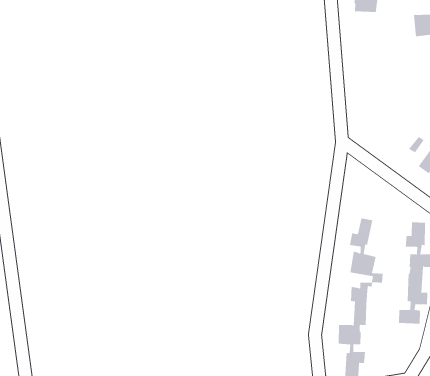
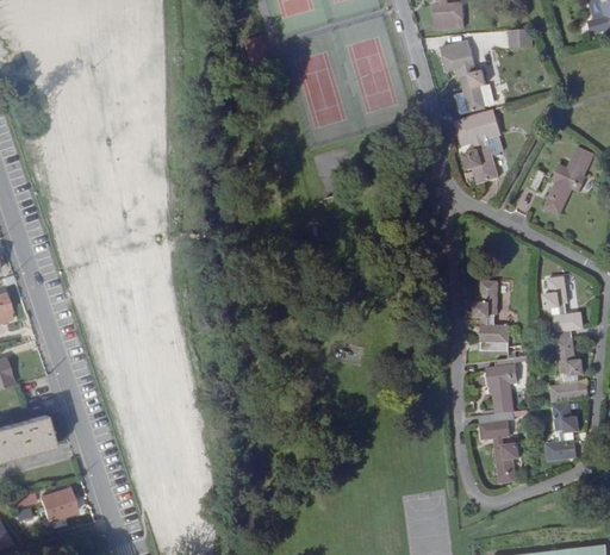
building: none -> [438,42,499,182]
building: none -> [548,403,581,461]

